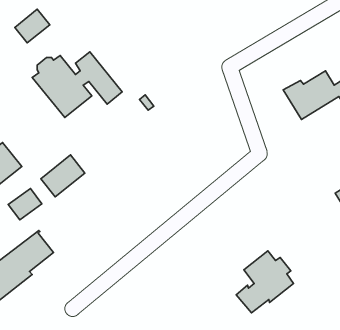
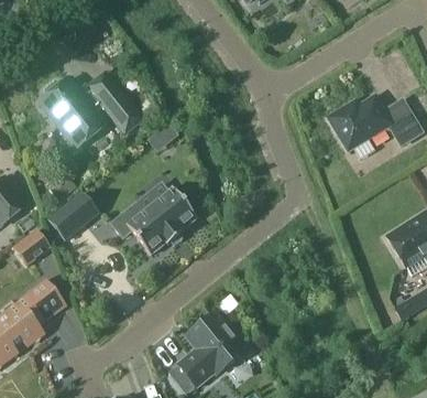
building: [15,9,50,43] -> none
building: none -> [111,187,197,256]
building: [236,251,294,313] -> [178,314,244,386]

